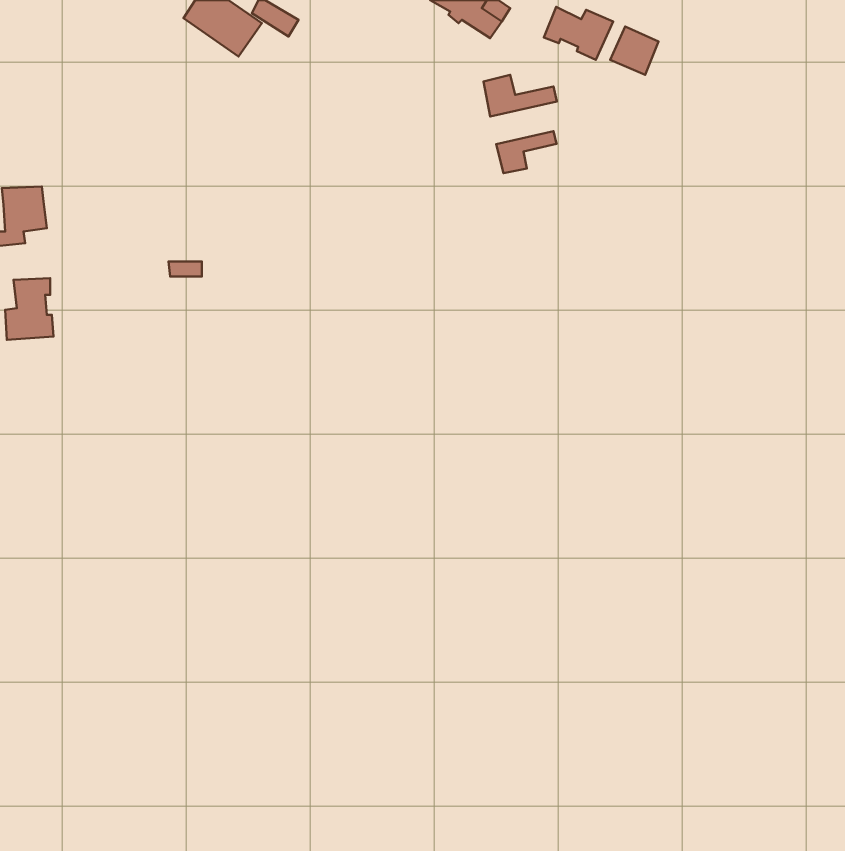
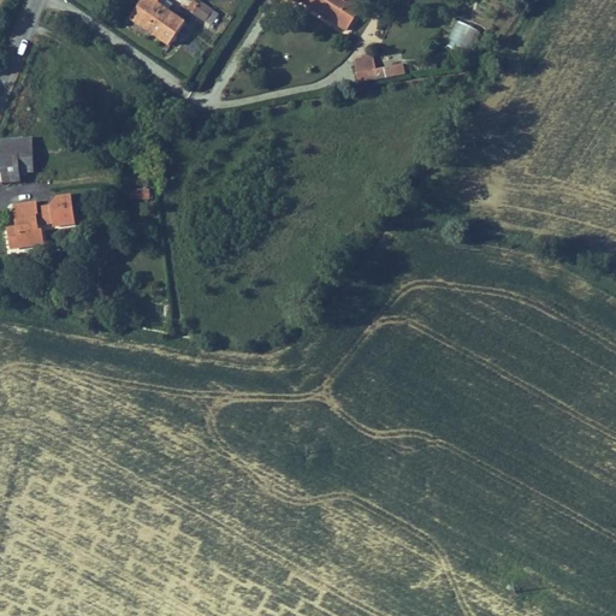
building: [544,7,613,60] -> none
building: [496,131,557,173] -> none
building: none -> [41,196,76,226]

